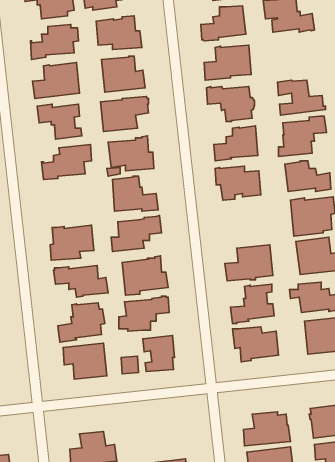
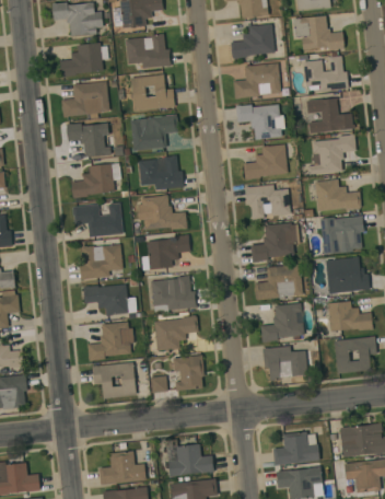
building: none -> [302,51,348,91]
building: none -> [71,204,122,237]
building: none -> [249,223,296,263]
building: none -> [165,439,213,476]

